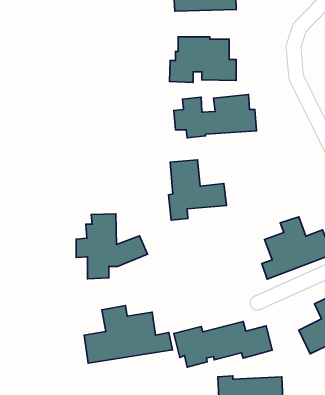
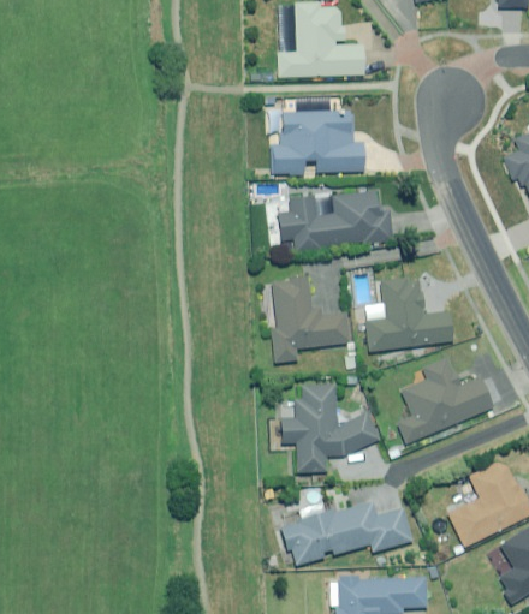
building: none -> [364,278,452,351]
building: [76,214,147,279] -> [281,383,379,472]
building: [84,305,172,363] -> none

